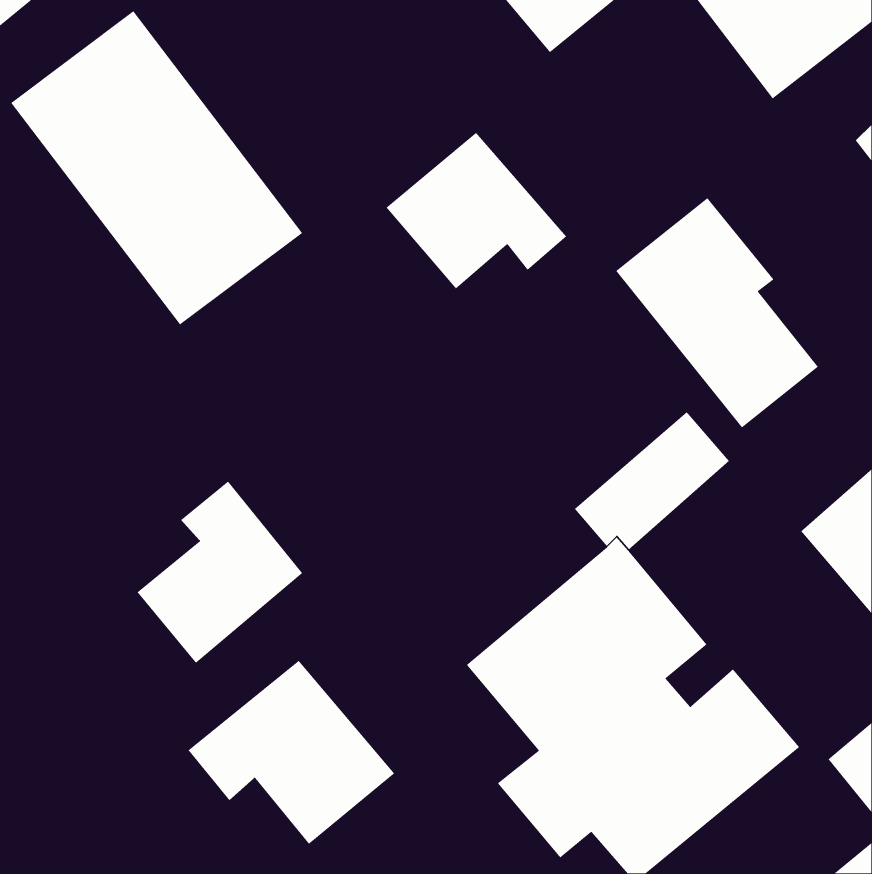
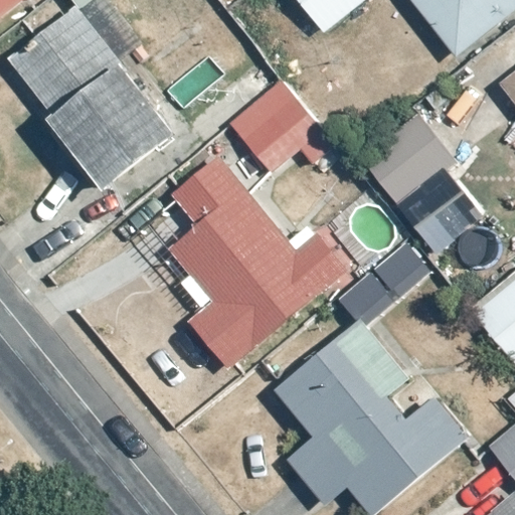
building: none -> [167,157,347,366]
building: [137,481,303,664] -> none
building: [187,660,395,845] -> none

